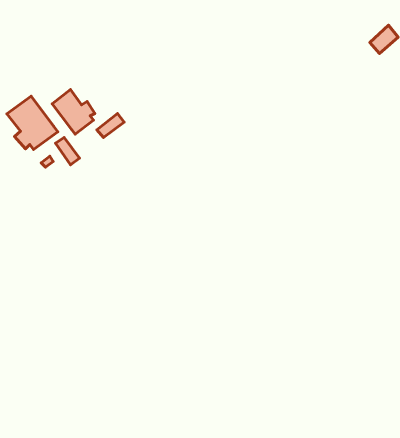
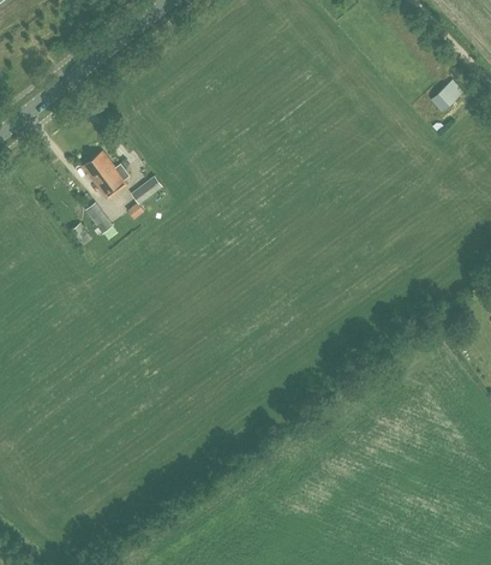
building: [7,96,58,150] -> none

